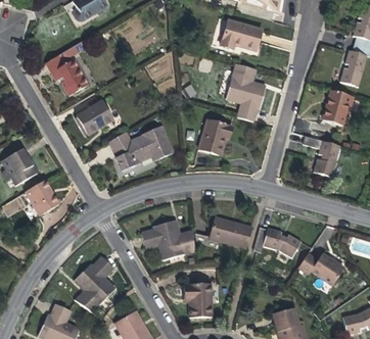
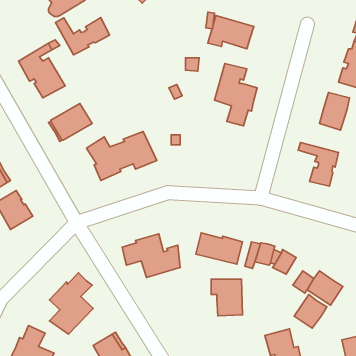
building: none -> [56,18,109,55]
building: [198,119,232,154] -> none
building: none -> [294,295,327,328]
building: [183,283,212,317] -> [211,279,242,316]

